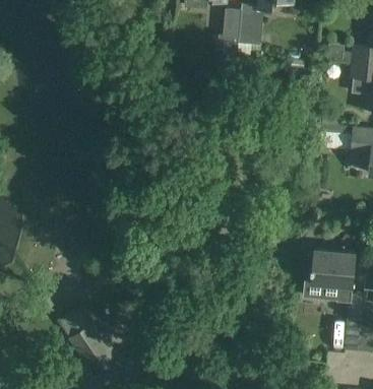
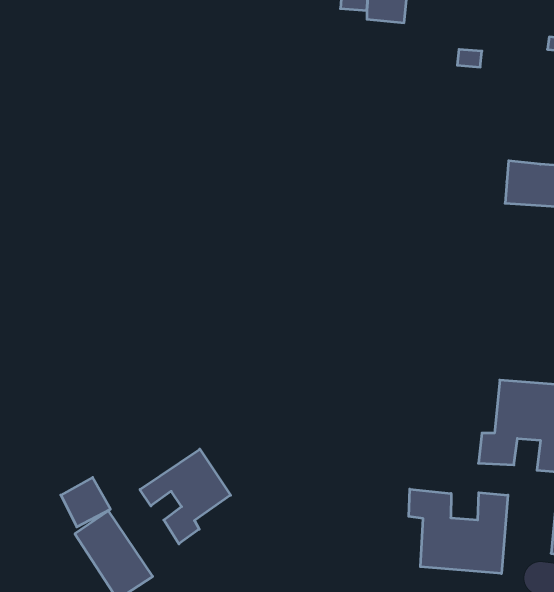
building: none -> [140,449,231,544]
building: none -> [409,489,508,574]

